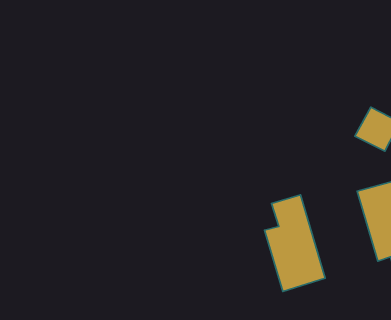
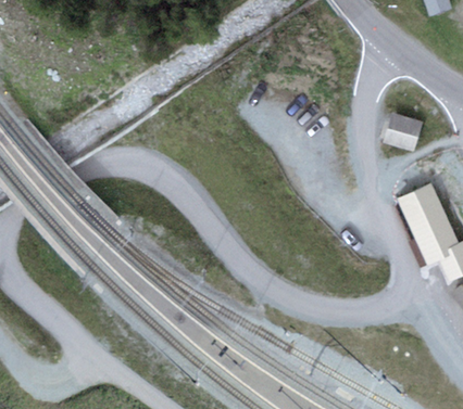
building: [264,195,325,292] -> none

